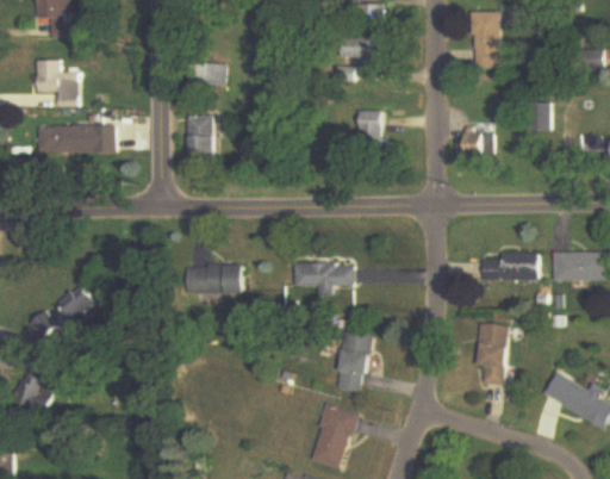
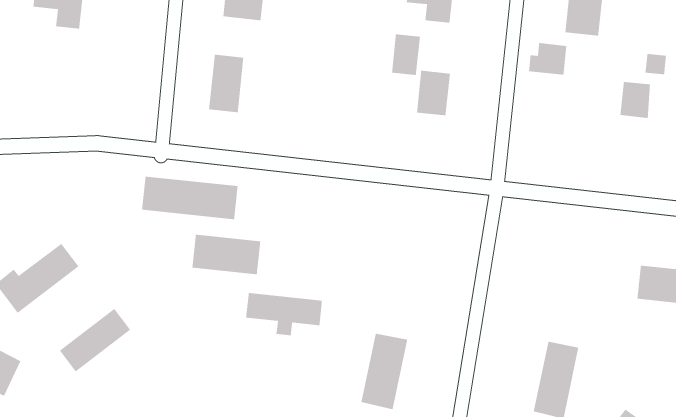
building: none -> [391,33,421,76]
building: [35,125,112,154] -> [141,176,238,220]
building: [456,133,486,158] -> [528,42,567,76]
building: [483,253,539,280] -> none
building: [291,263,353,296] -> [245,292,323,336]
building: none -> [59,308,131,373]

